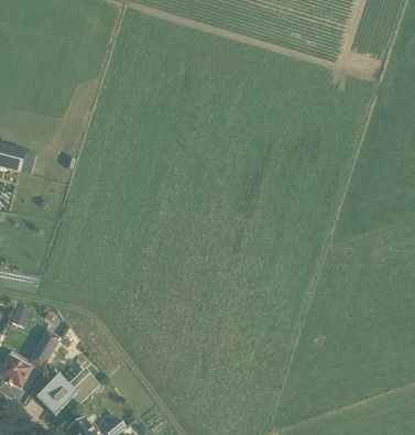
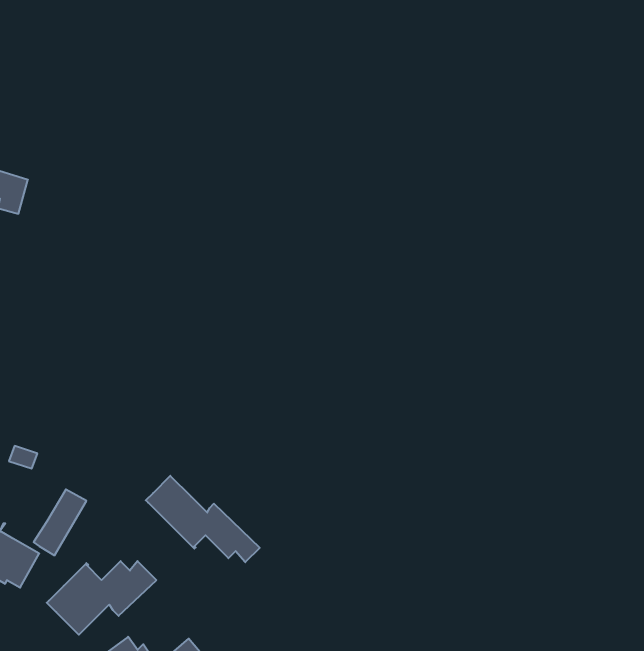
building: none -> [146,476,260,562]

